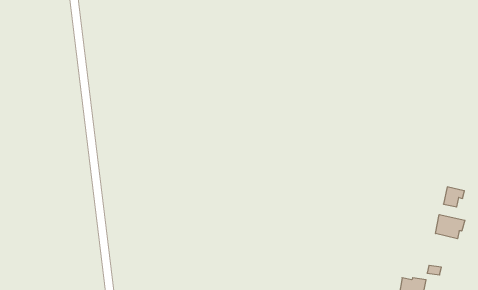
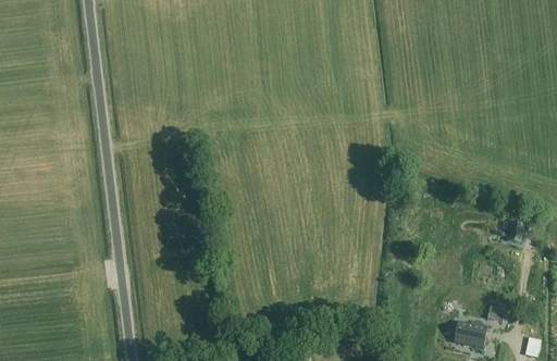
building: [436,215,465,239] -> none

